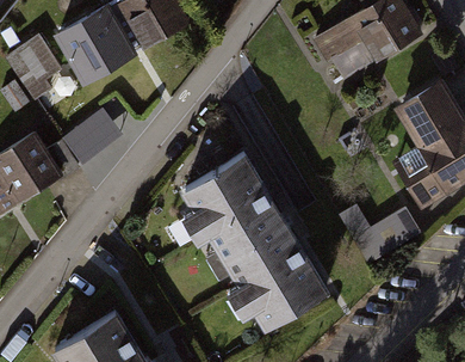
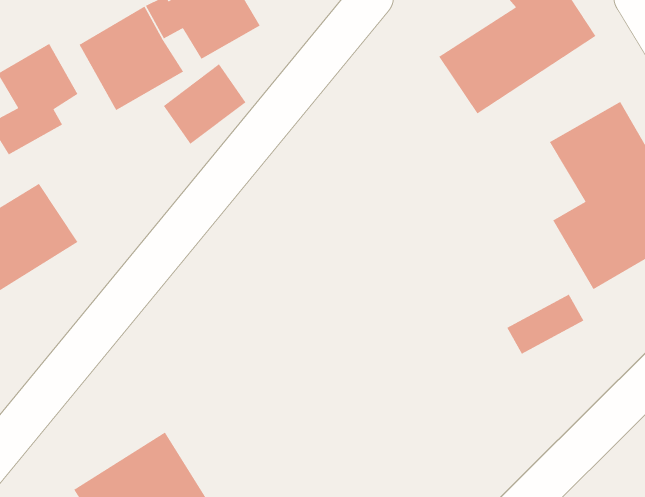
building: [62,109,120,166] -> [163,63,247,145]
building: [173,157,322,332] -> none

